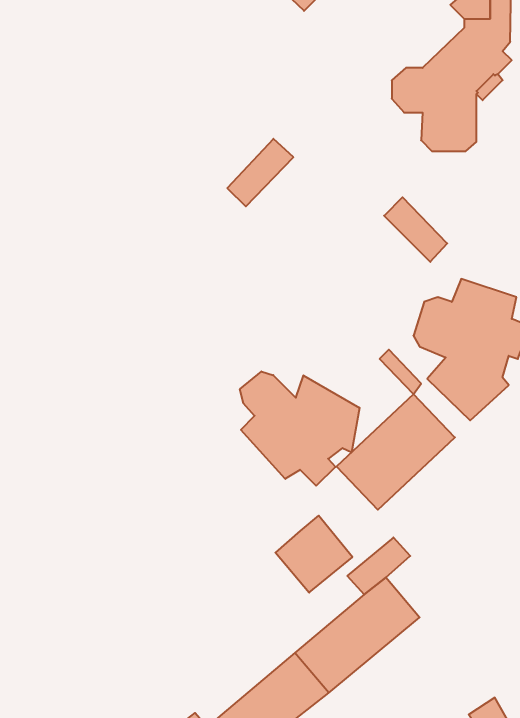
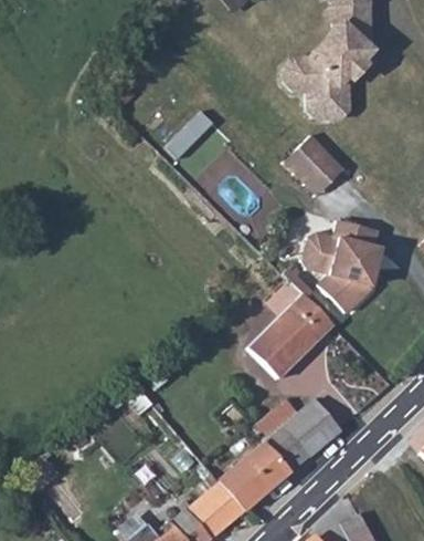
building: none -> [296,137,343,187]
building: [240,371,360,486] -> none
building: [275,516,352,593] -> [284,400,339,456]

